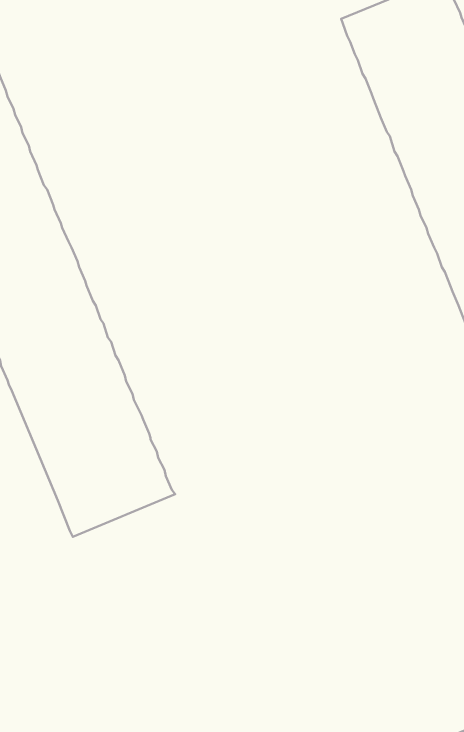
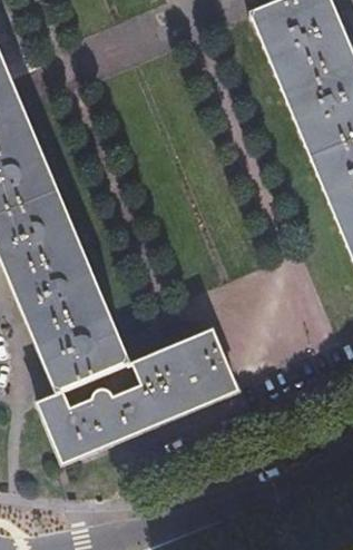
building: none -> [42,331,243,462]

